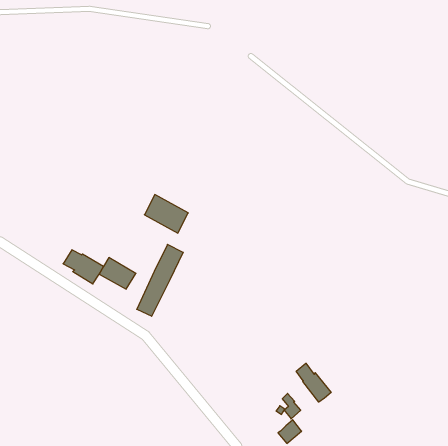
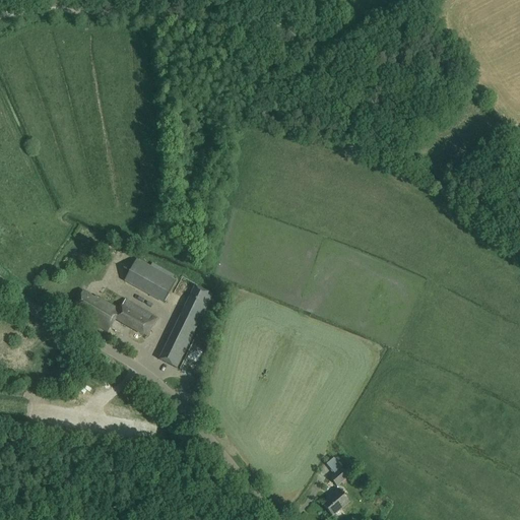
building: [144,195,188,233] -> [124,257,175,302]
building: [296,363,331,402] -> none

